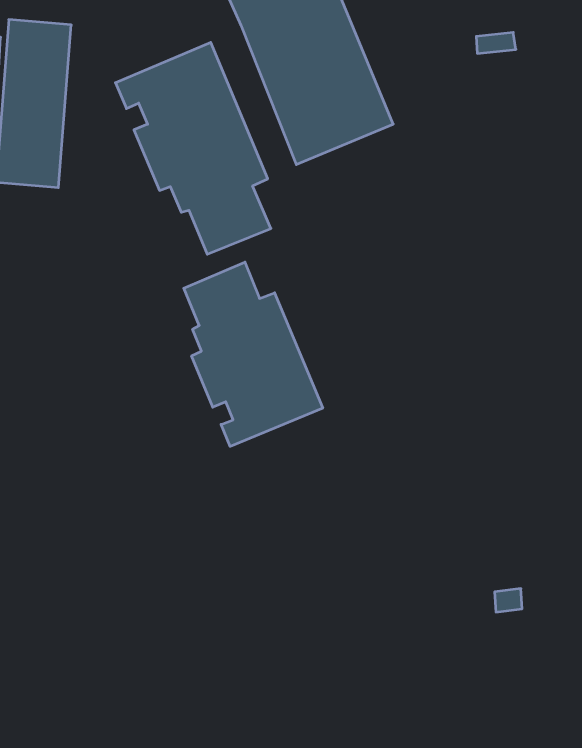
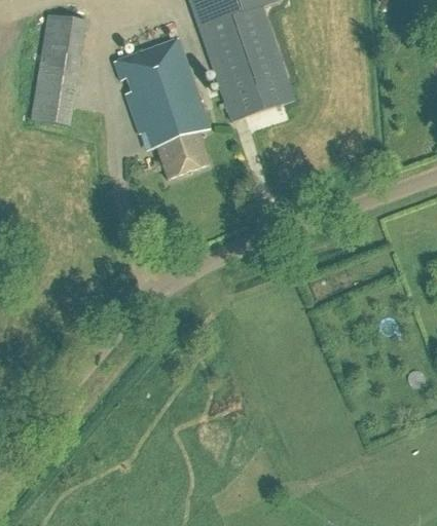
building: [184,262,323,446] -> none

